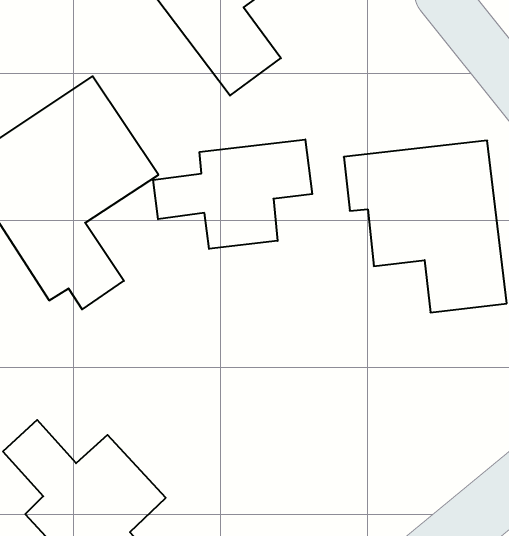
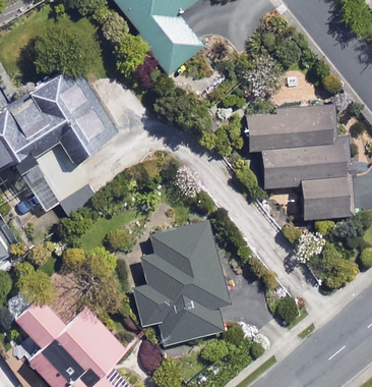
building: [153,139,312,249] -> none
building: none -> [133,220,229,347]

